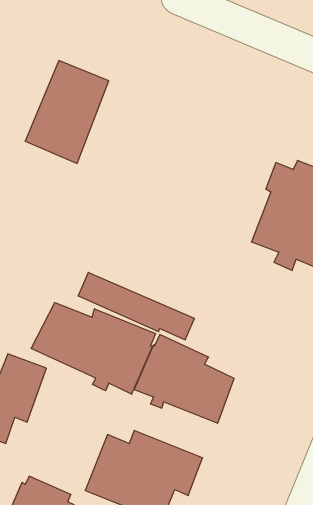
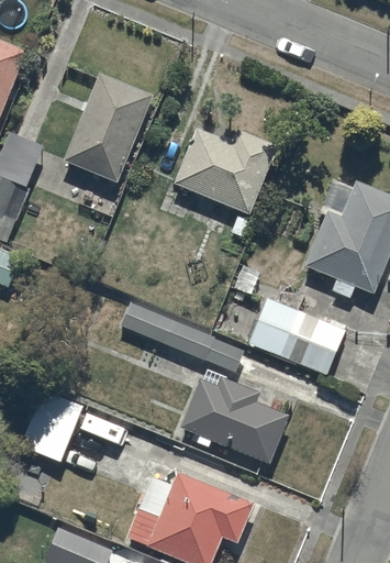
building: none -> [172,128,279,216]
building: none -> [247,299,345,376]
building: [31,303,156,394] -> none

